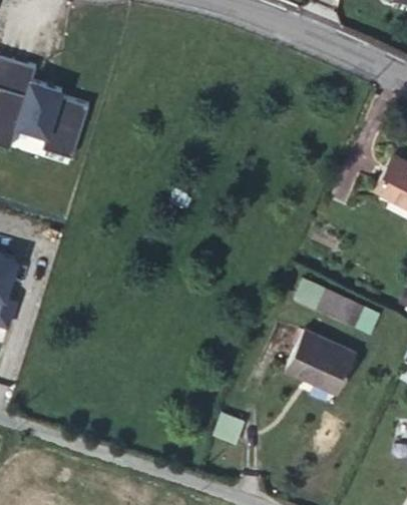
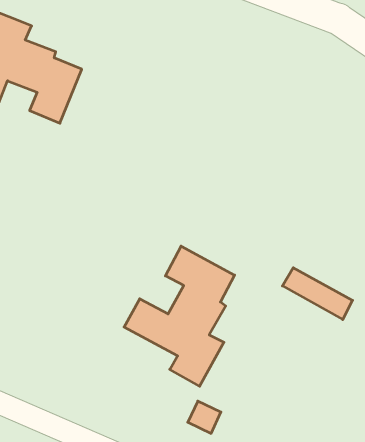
building: none -> [124,246,235,386]
building: [286,330,356,393] -> none

